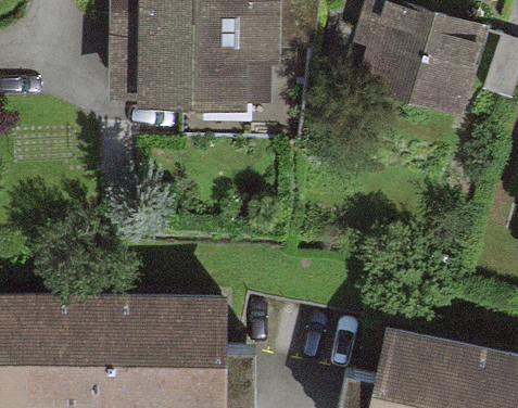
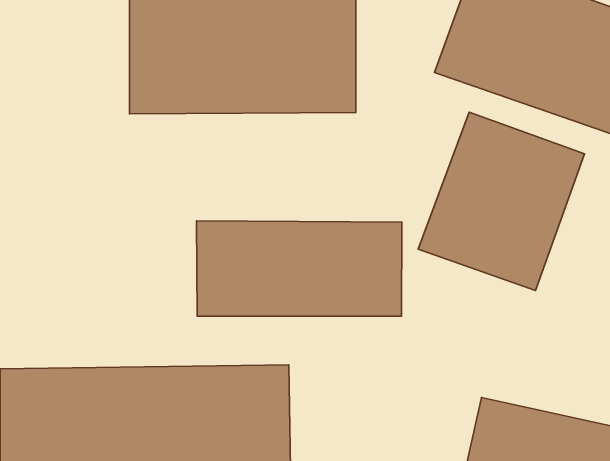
building: none -> [418,112,585,291]
building: none -> [196,221,402,316]

